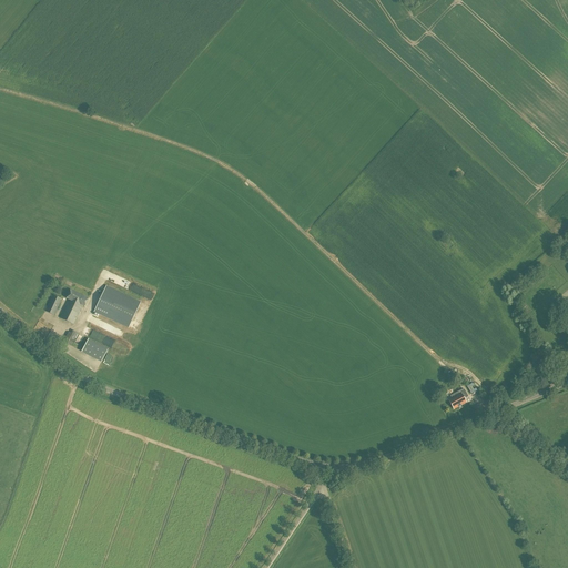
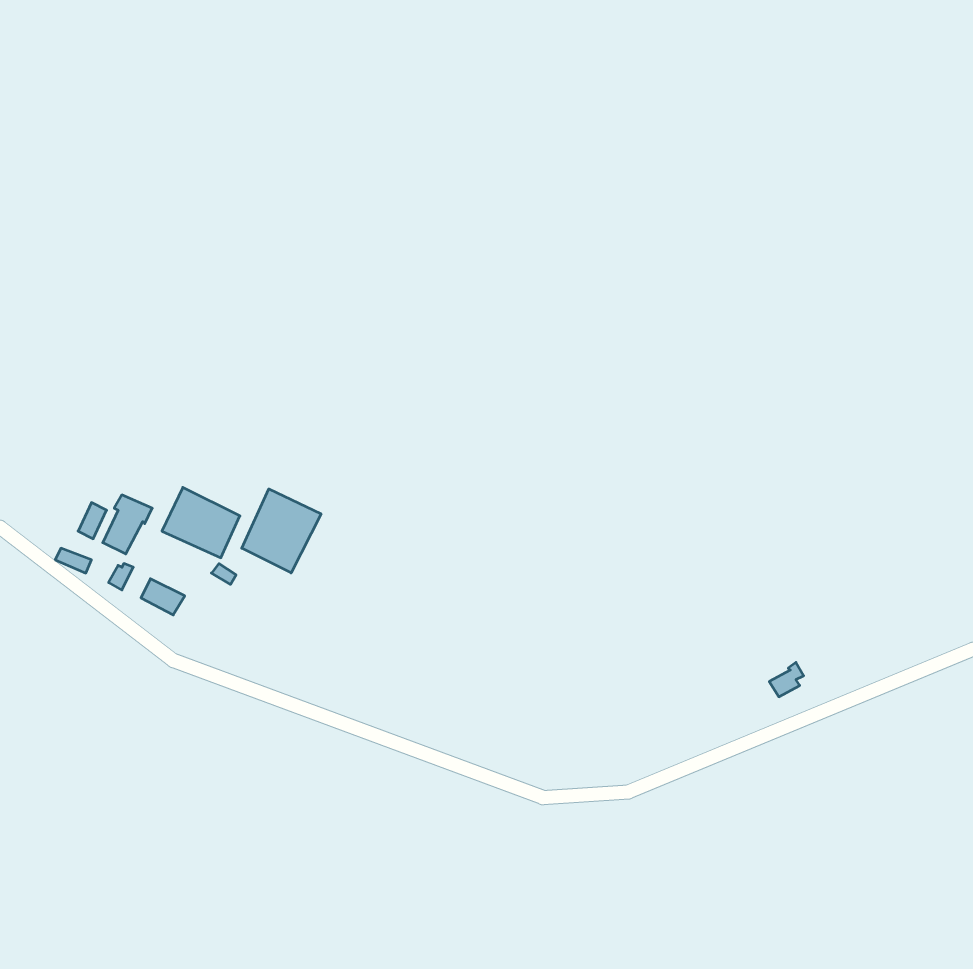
building: none -> [242,489,321,573]

